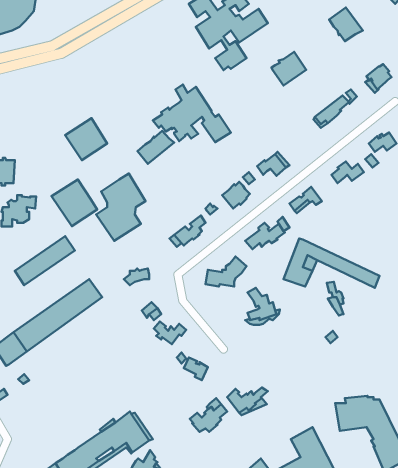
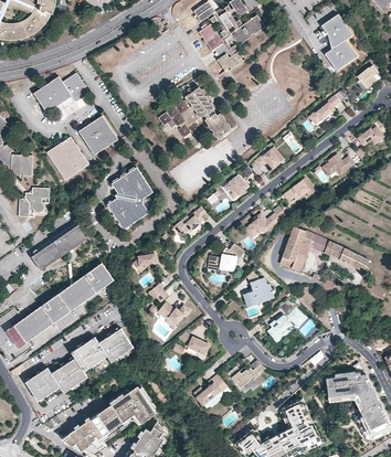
building: [271,52,306,86] -> [325,39,357,70]
building: none -> [33,73,88,113]
building: [137,131,174,164] -> none
building: [52,179,97,226] -> [46,137,88,180]
building: none -> [268,299,306,337]
building: none -> [27,329,135,402]

